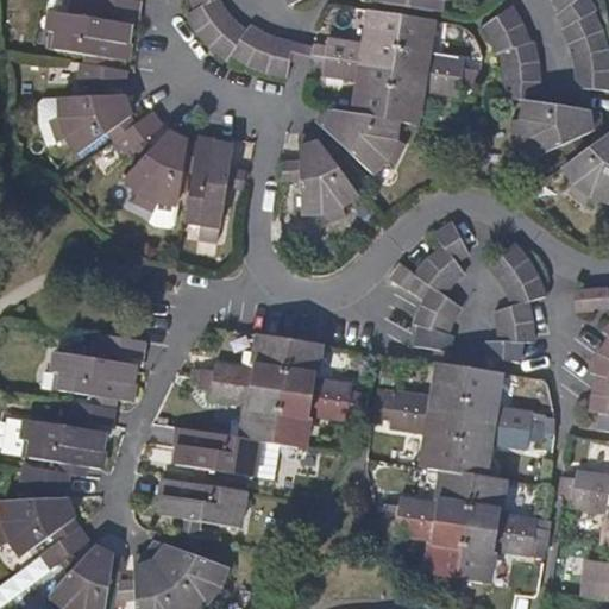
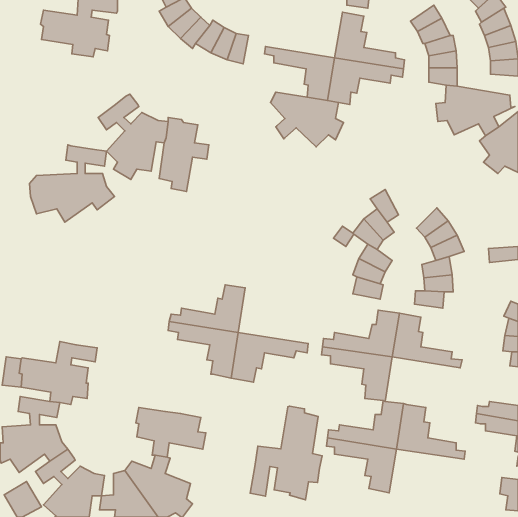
building: [312,11,402,68] -> none
building: [36,62,136,152] -> [29,145,115,222]
building: [282,133,357,221] -> none
building: [54,332,145,408] -> none
building: [280,338,363,403] -> none
building: [452,419,540,475] -> none
building: [175,426,255,485] -> none
building: none -> [250,406,322,500]
building: [457,527,545,583] -> none

